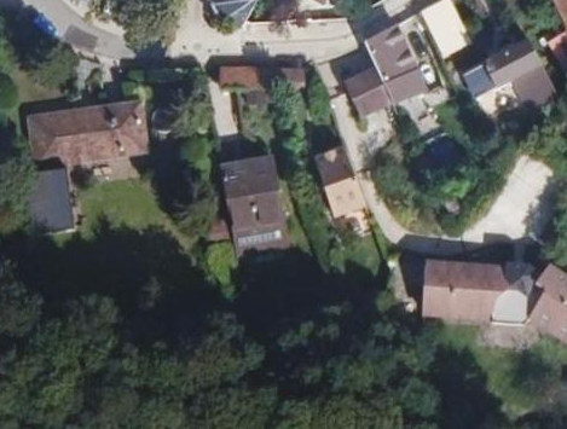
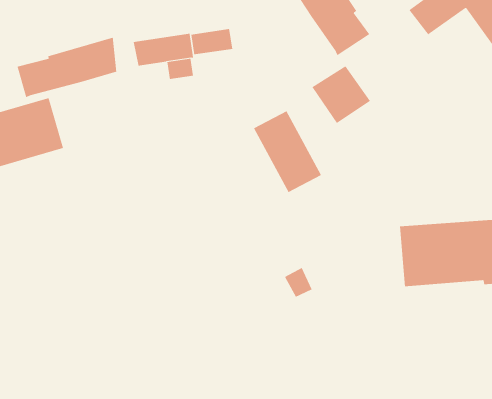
building: none -> [17,37,117,98]
building: [343,66,393,116] -> [311,65,371,124]
building: [219,156,288,254] -> none

